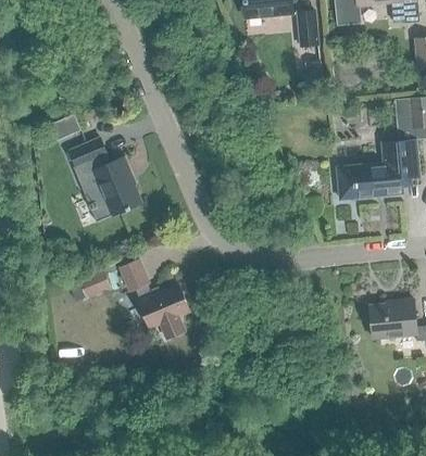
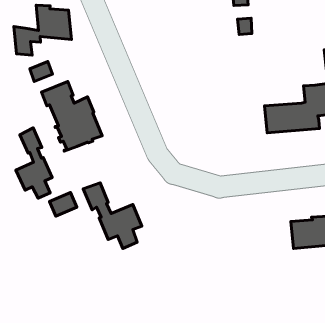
building: none -> [14,5,72,55]
building: none -> [16,128,52,198]

